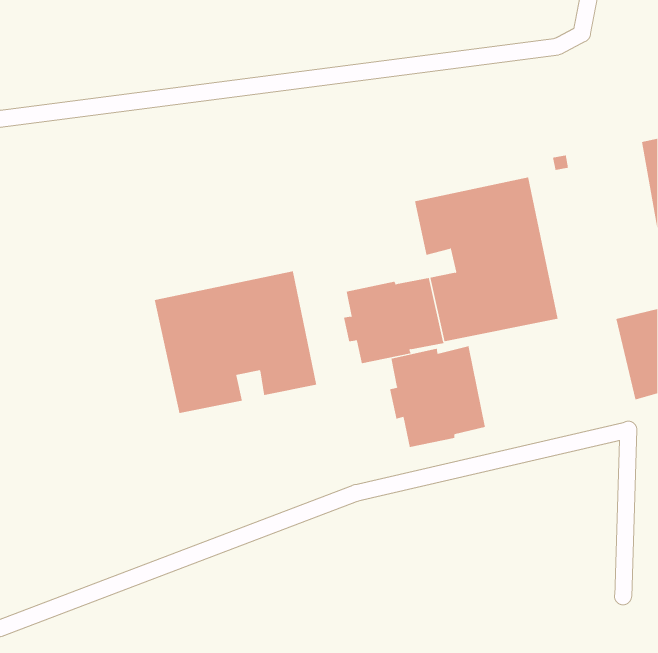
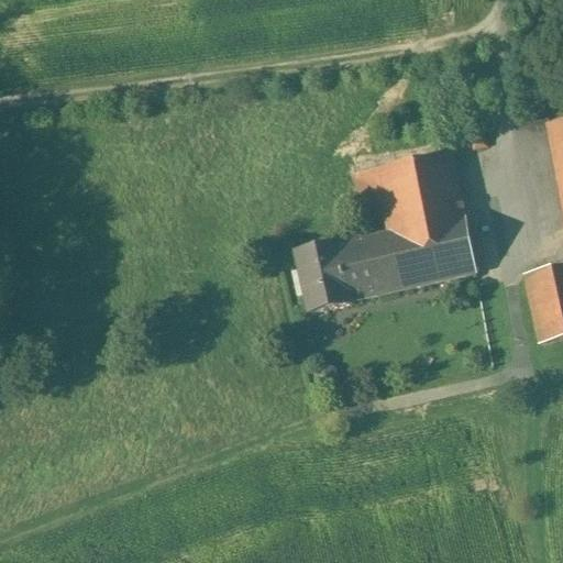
building: [154,270,317,414] -> none
building: [390,345,486,448] -> none

